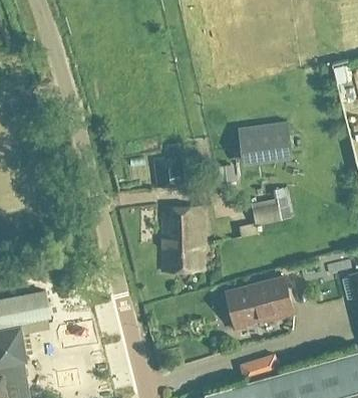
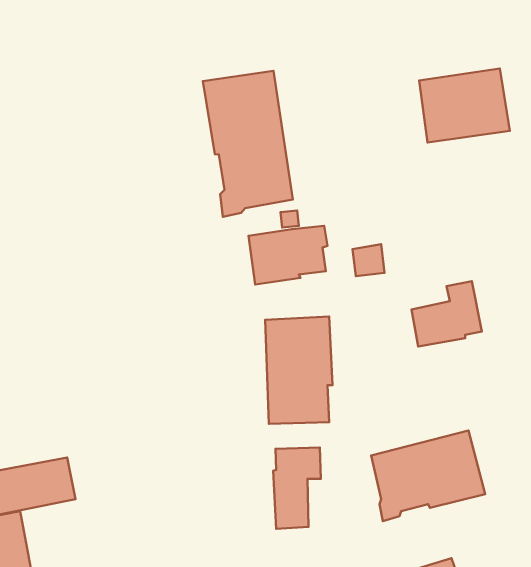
building: none -> [203,71,293,217]
building: [239,121,293,165] -> [419,69,510,142]
building: none -> [273,448,321,529]

